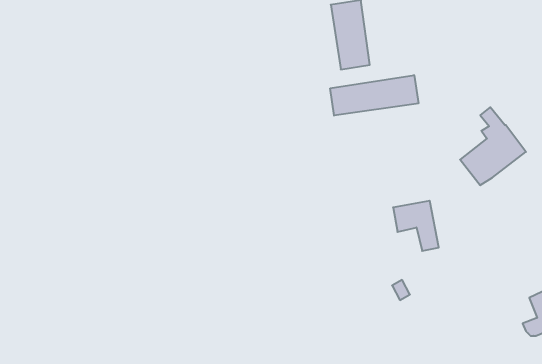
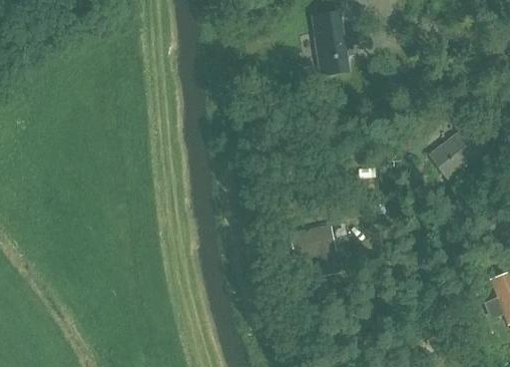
building: [330,75,418,116] -> none
building: [393,201,439,251] -> [296,228,337,273]

